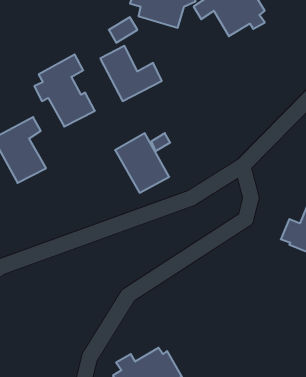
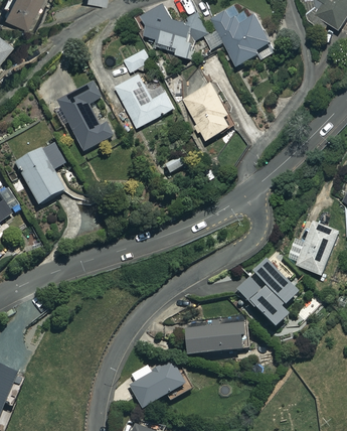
building: [115,133,169,193] -> [184,83,235,139]
building: none -> [236,261,298,327]
building: none -> [184,323,243,355]

